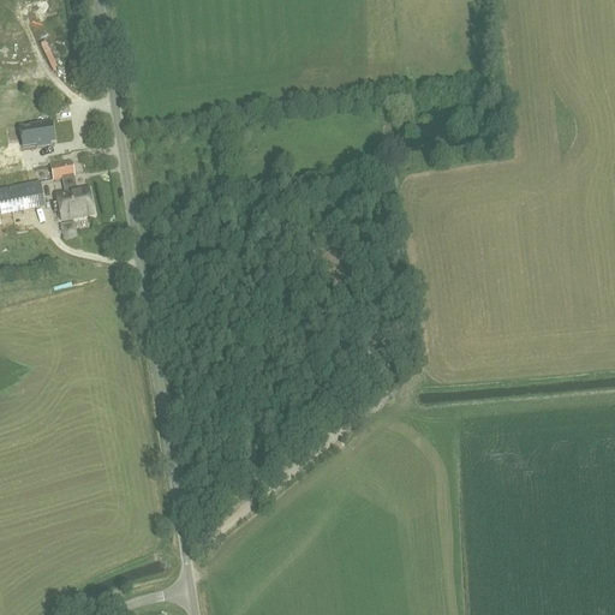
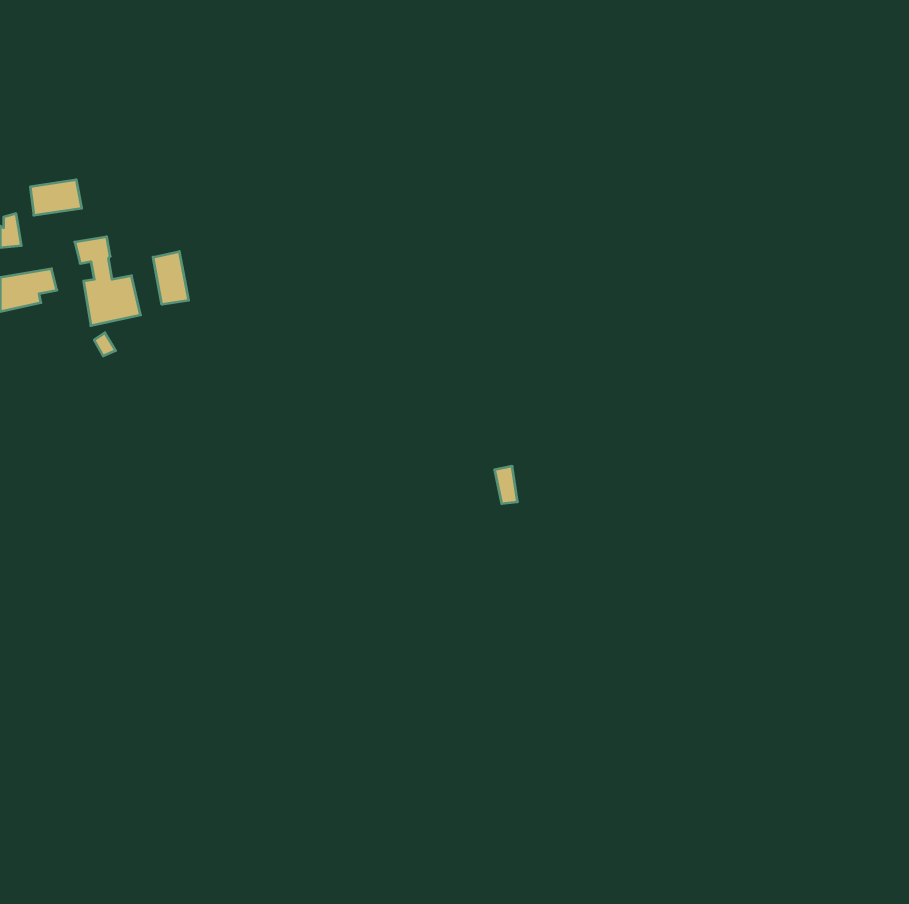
building: none -> [153,251,189,304]

